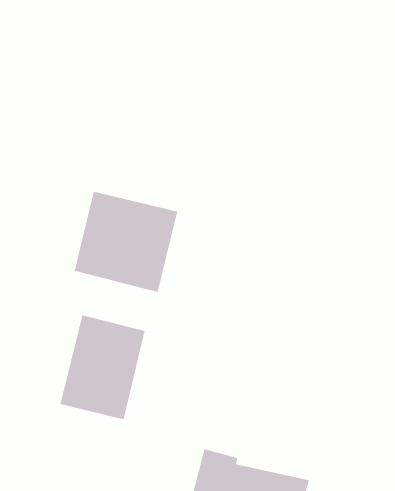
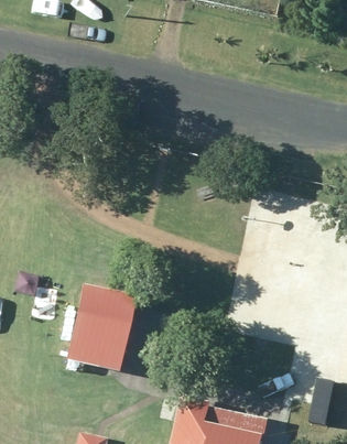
building: [74,191,178,293] -> none

